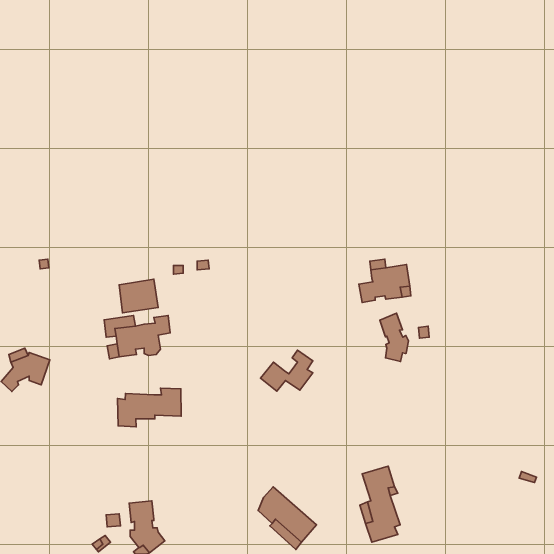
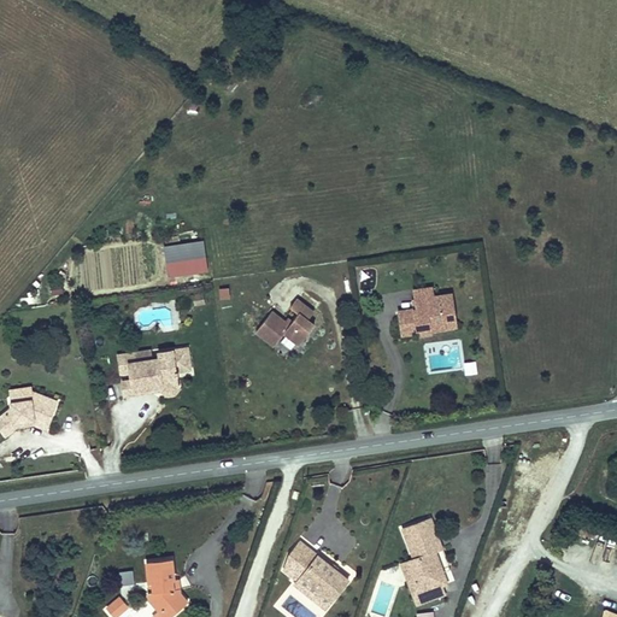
building: [119,279,158,313] -> [164,241,207,278]
building: [380,313,408,362] -> none
building: [261,350,313,391] -> [258,300,316,346]
building: [117,388,181,427] -> none

